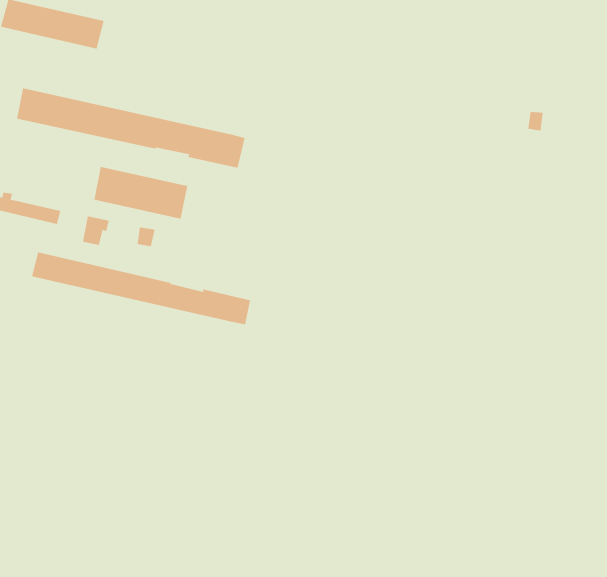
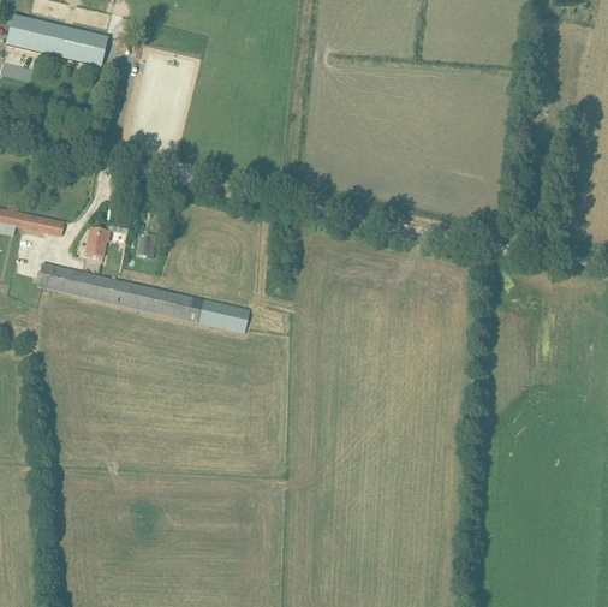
building: [16,87,245,169] -> none
building: [94,166,188,220] -> none

